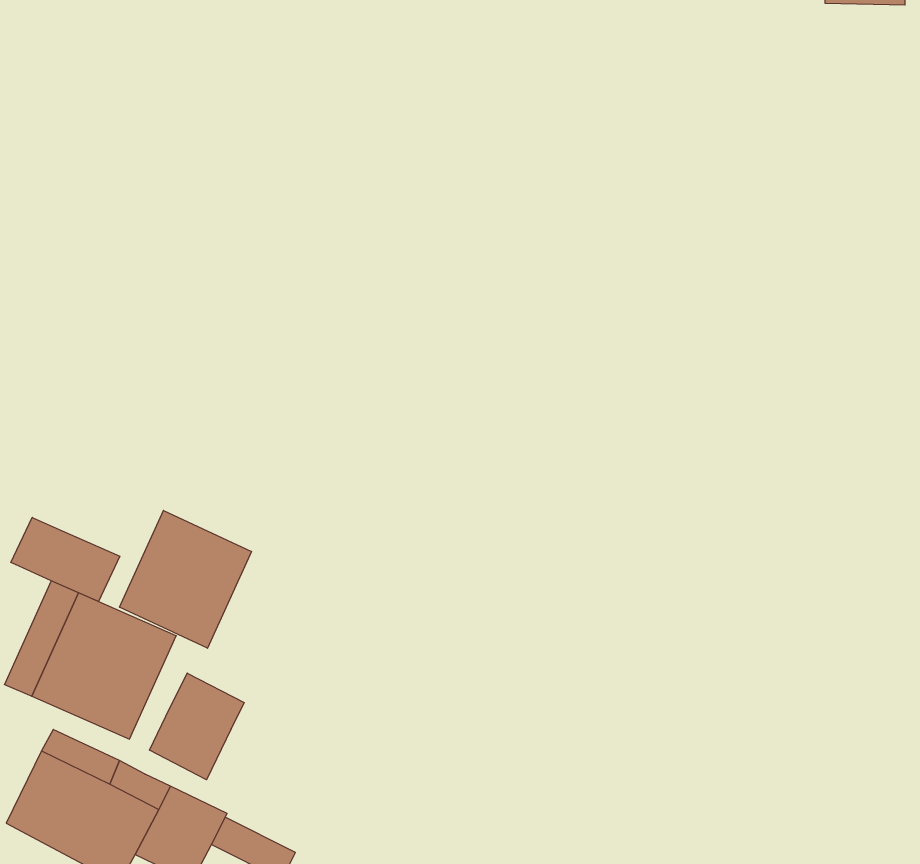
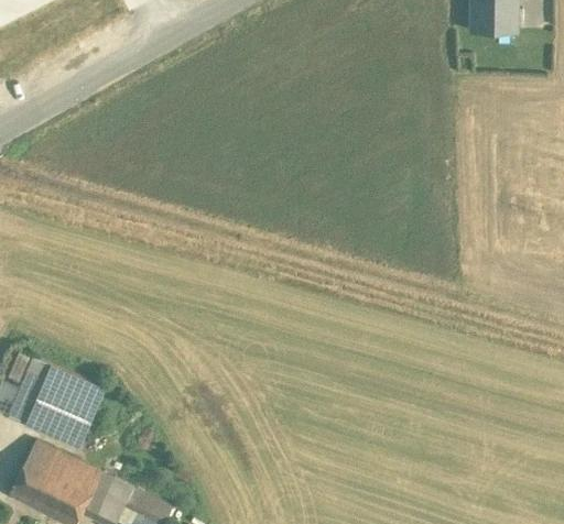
building: [120,510,251,648] -> none
building: [11,517,120,601] -> none
building: [150,673,244,780] -> none

